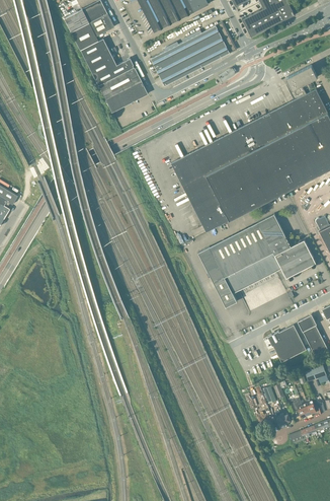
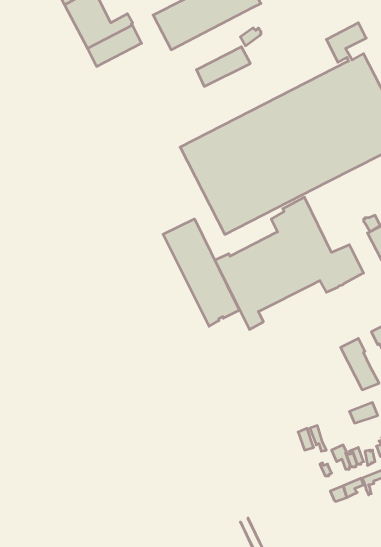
building: [105,81,148,113] -> [196,47,250,86]
building: none -> [163,219,239,326]
building: [267,325,307,362] -> none

